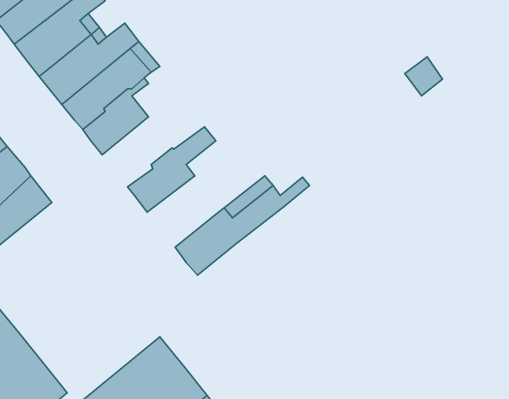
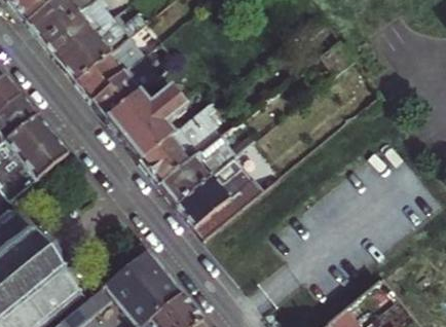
building: none -> [106,84,181,140]
building: none -> [139,100,221,184]
building: none -> [176,154,267,240]

